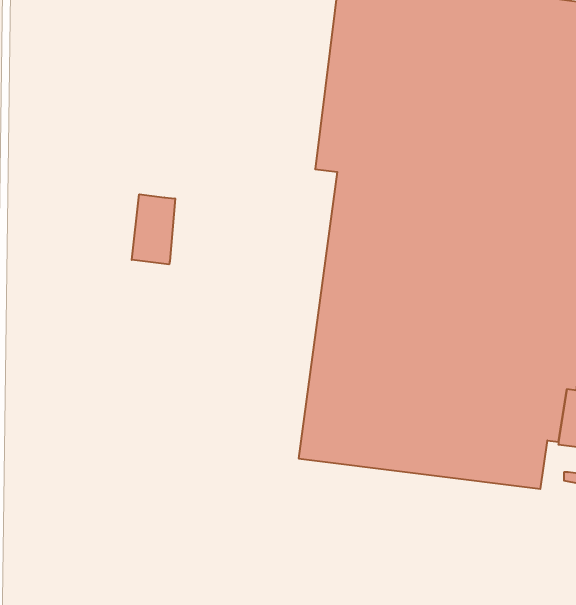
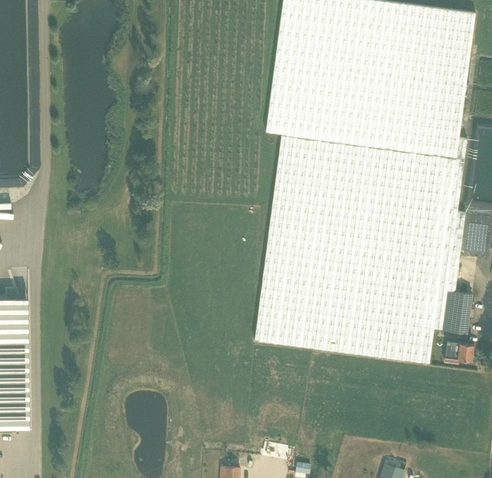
building: [132,194,175,264] -> none

